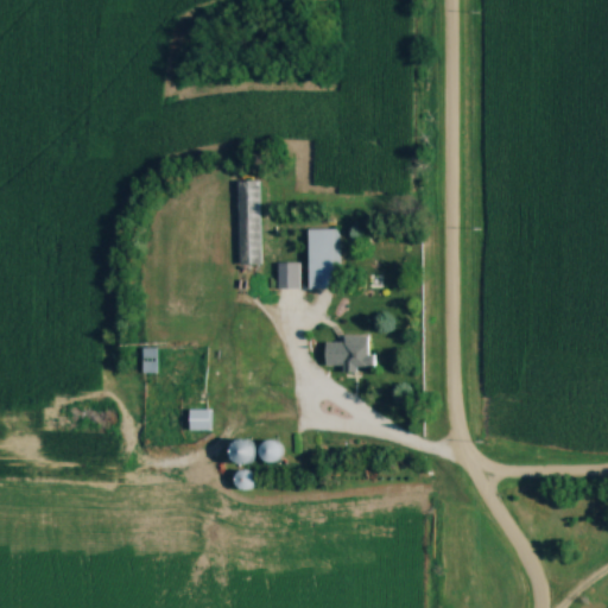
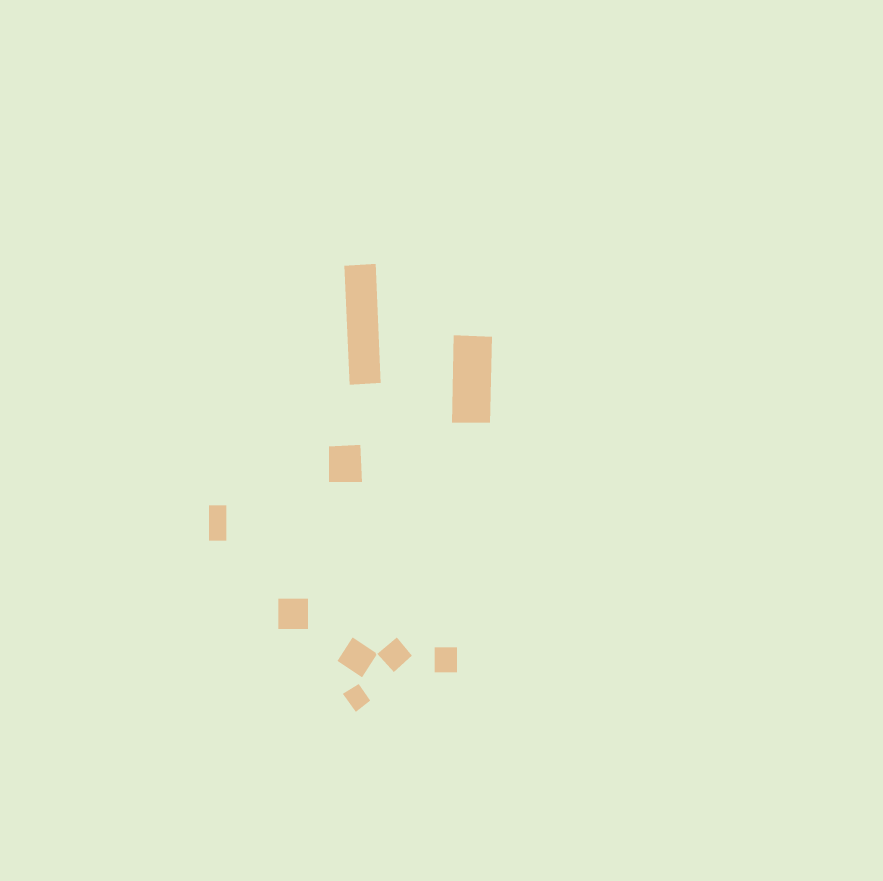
building: [274,261,298,287] -> [328,444,363,483]
building: [324,332,374,367] -> none

